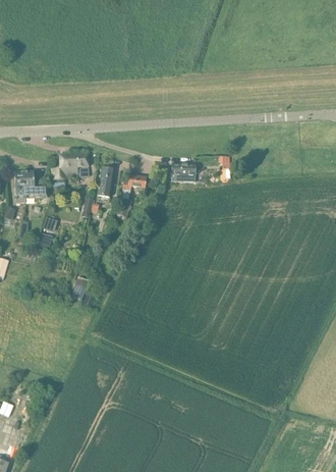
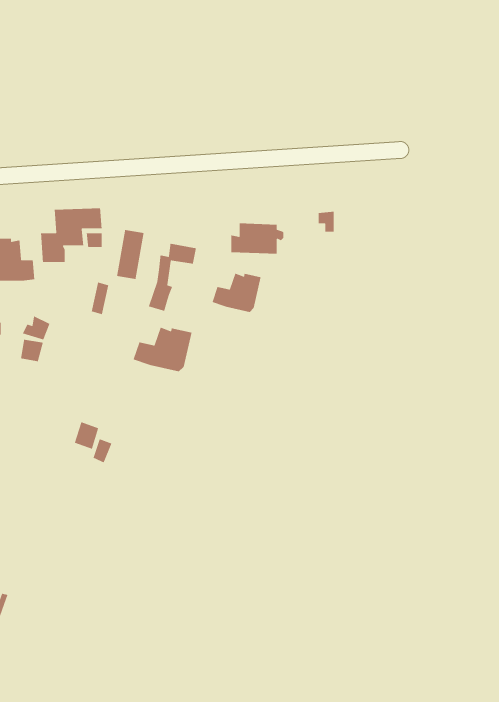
building: none -> [211,272,262,313]
building: none -> [133,327,192,372]

